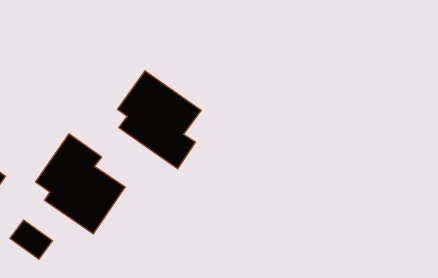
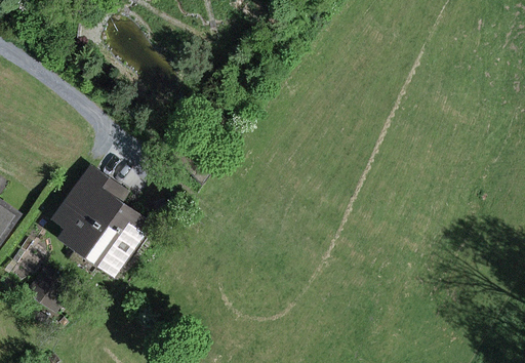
building: [117,71,201,169] -> none

